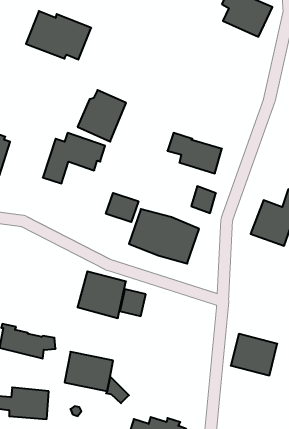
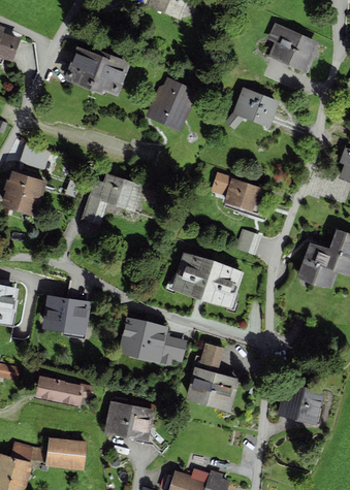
building: none -> [225,88,279,129]
building: [78,90,126,142] -> [147,77,197,131]
building: [106,193,138,222] -> none
building: none -> [41,280,93,335]
building: none -> [185,342,240,413]

